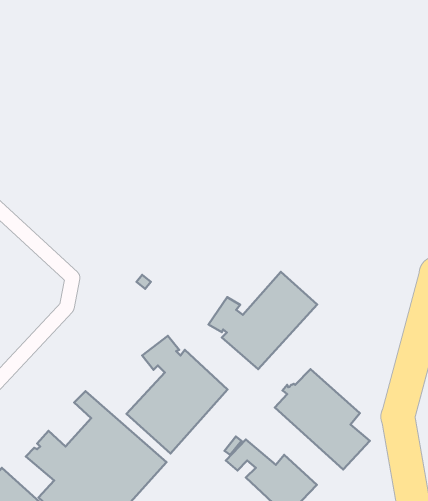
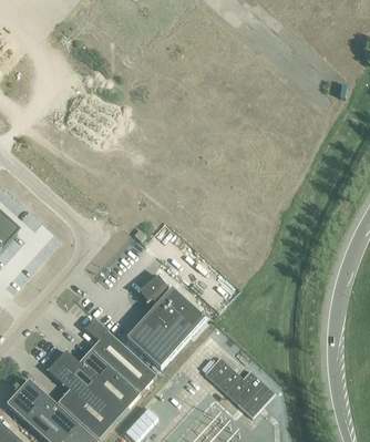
building: [209,272,317,369] -> none
building: [275,369,370,470] -> none

